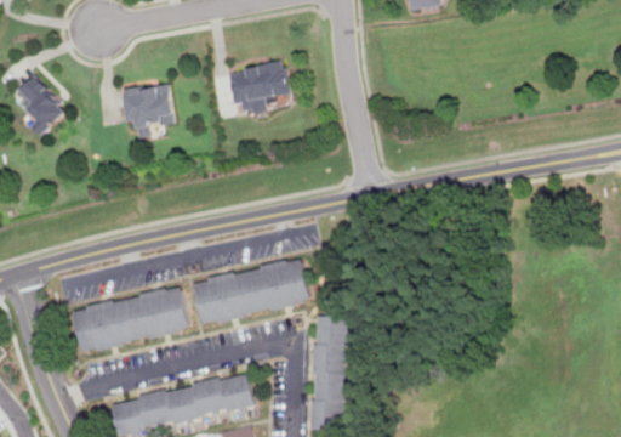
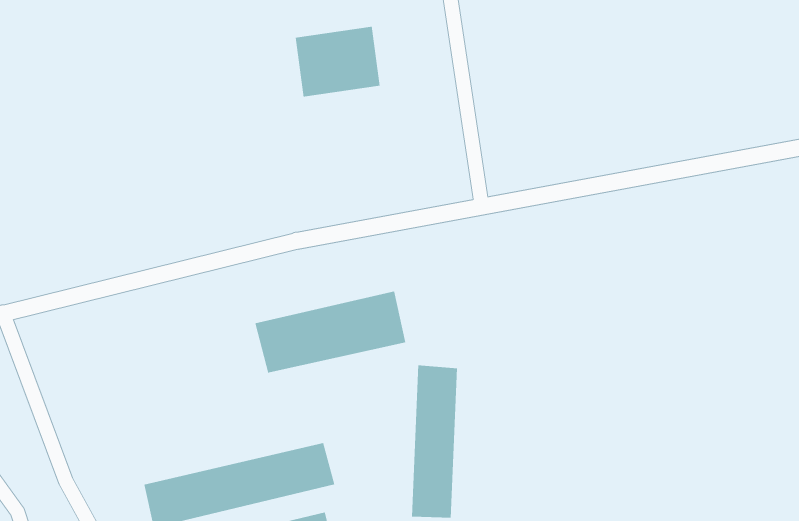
building: [15,75,68,137] -> none
building: [120,83,172,140] -> none
building: [75,288,190,352] -> none

